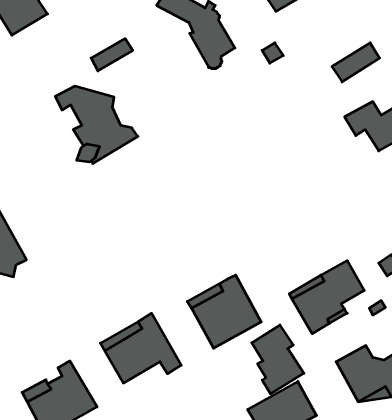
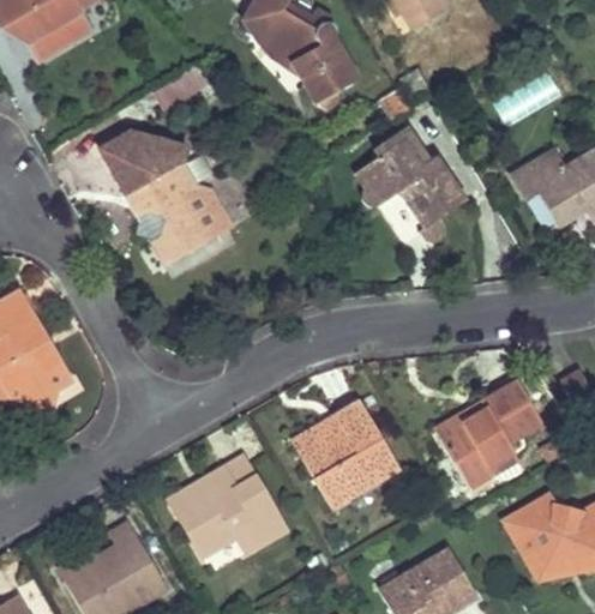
building: none -> [360,143,464,245]
building: none -> [158,204,234,261]
building: [252,325,304,394] -> none

